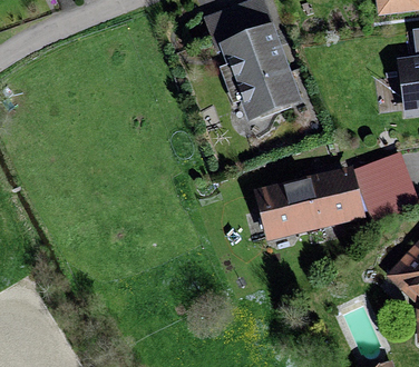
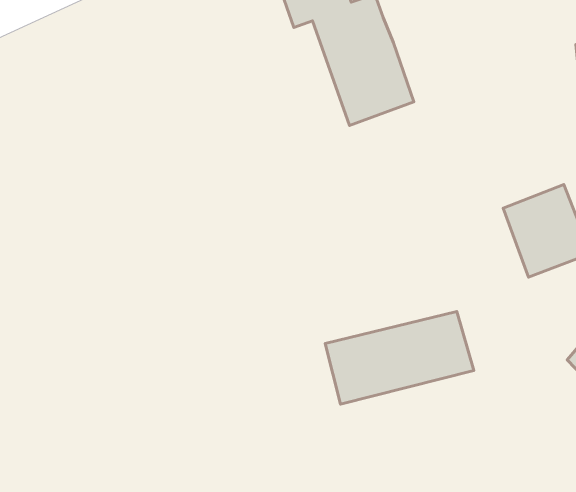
building: [261,170,359,231] -> [325,311,474,404]

